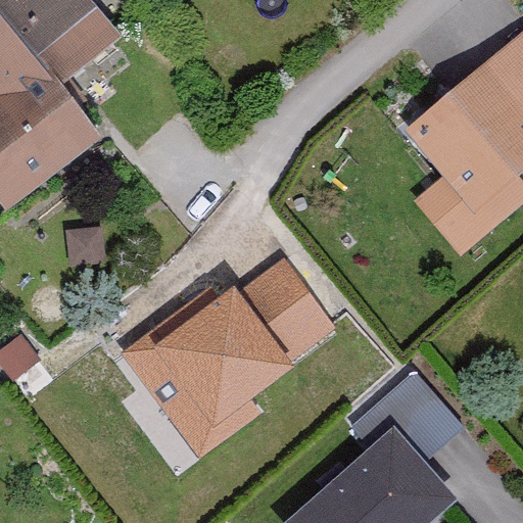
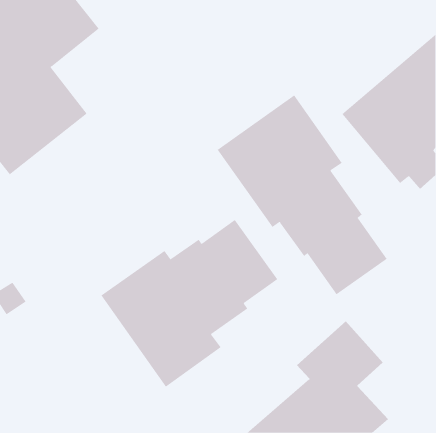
building: none -> [217,94,387,295]

